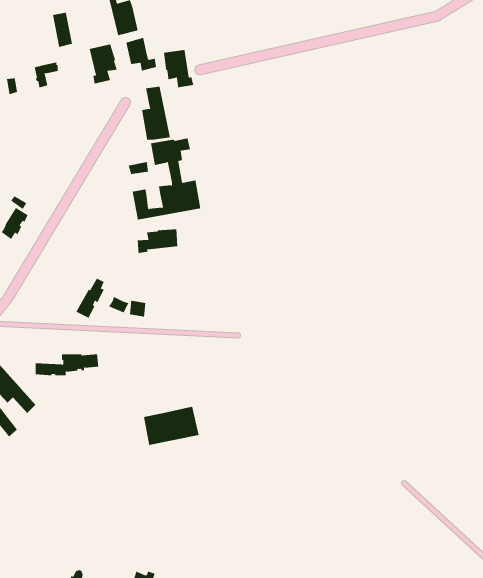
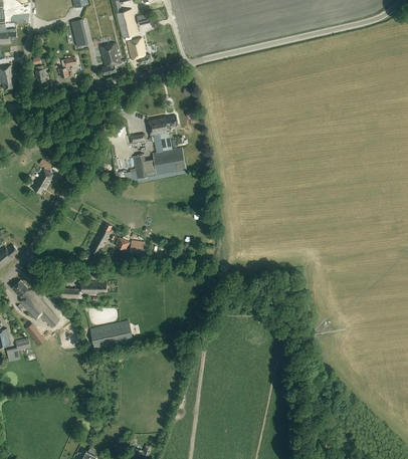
building: [164,49,194,88] -> none
building: [141,86,171,141] -> none
building: [137,228,178,254] -> none
building: [143,406,199,445] -> [90,319,134,350]

